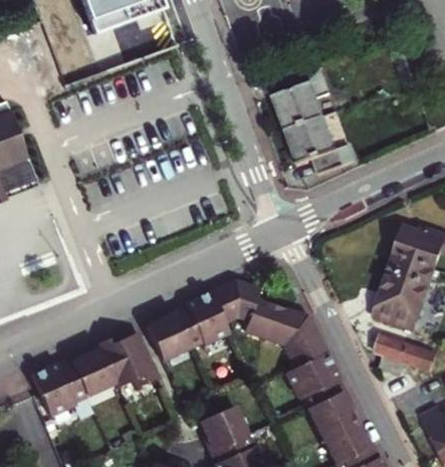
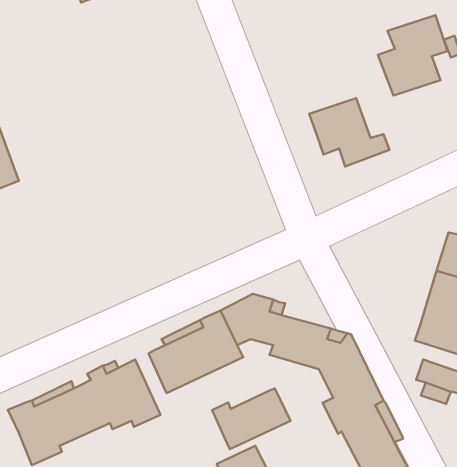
building: [267,61,325,129] -> [378,15,448,96]
building: none -> [212,389,290,449]

